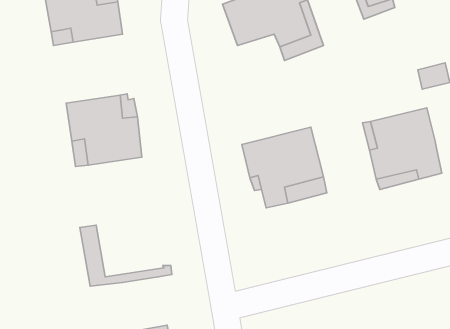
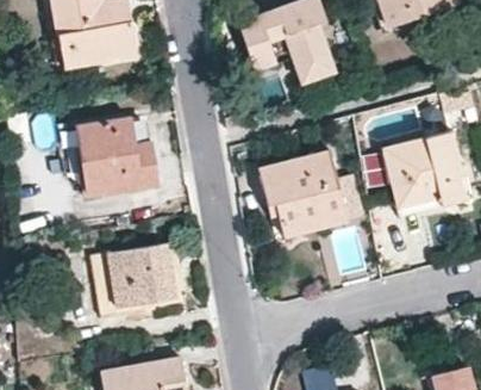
building: none -> [107,242,177,307]

